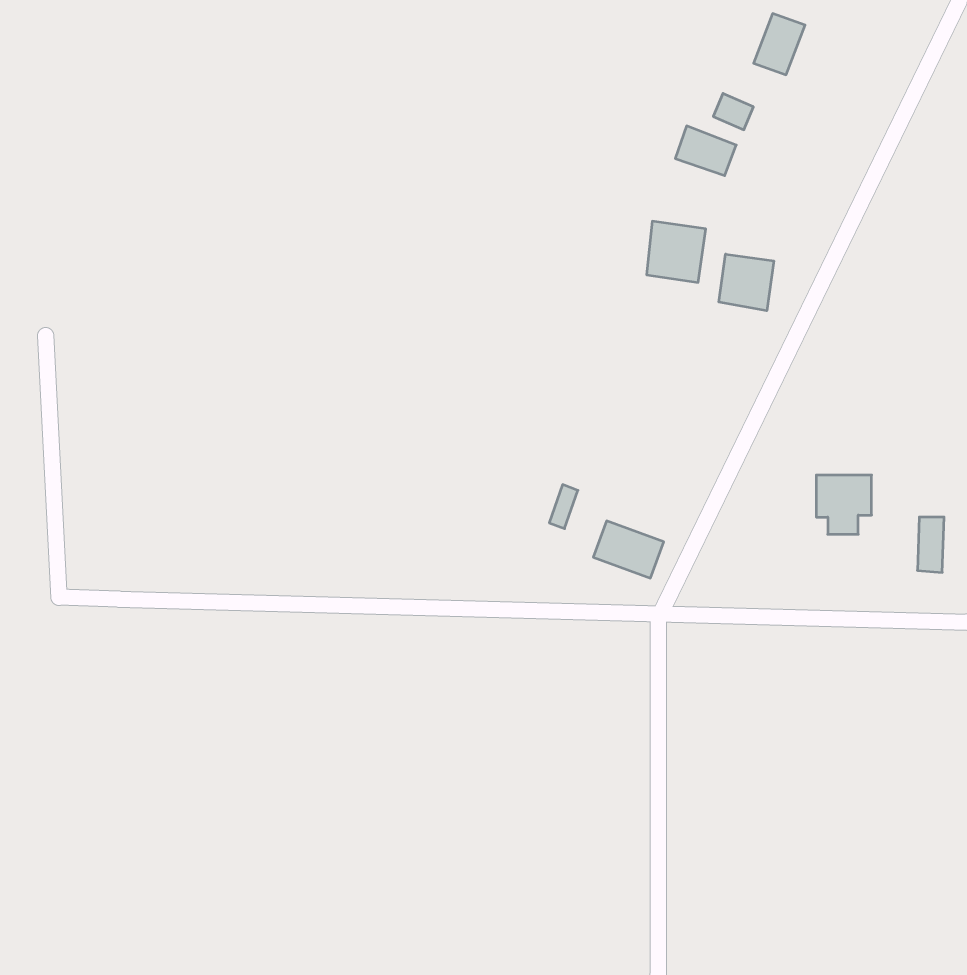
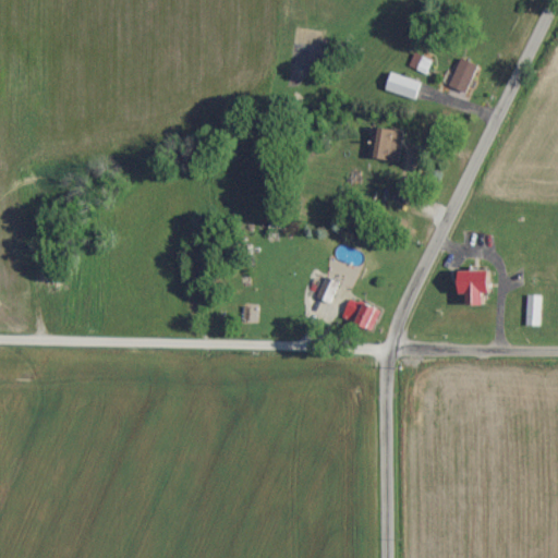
building: [754,14,805,75] -> [448,58,477,93]
building: [719,254,774,311] -> none

